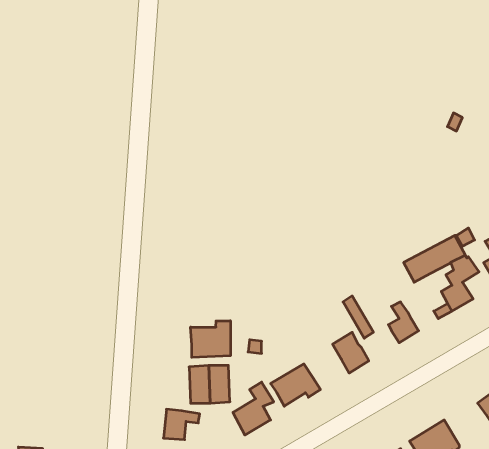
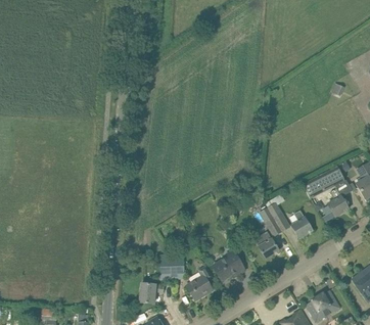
building: none -> [265,193,289,231]
building: [191,321,231,357] -> none

